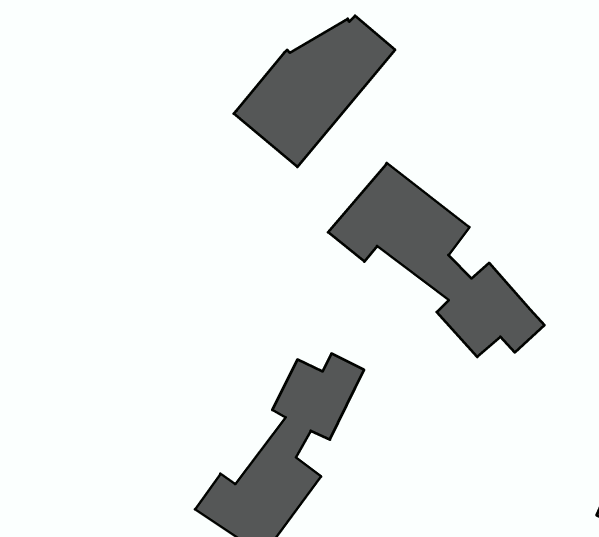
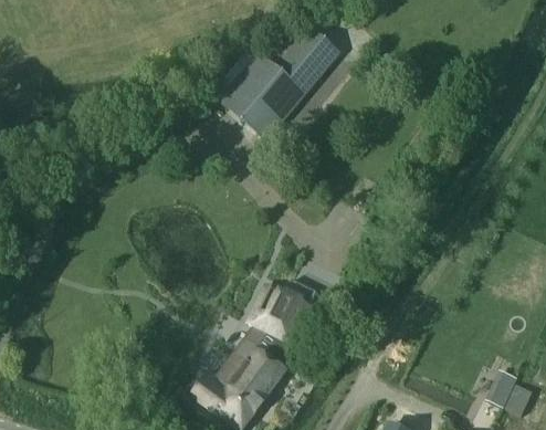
building: [328,163,544,357] -> none

